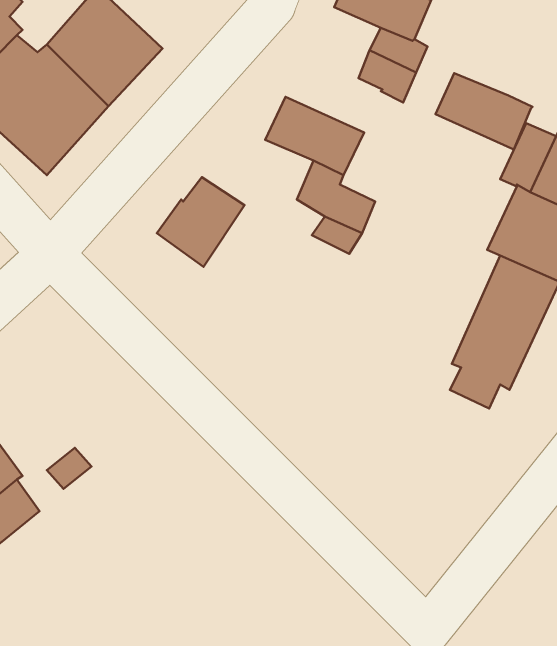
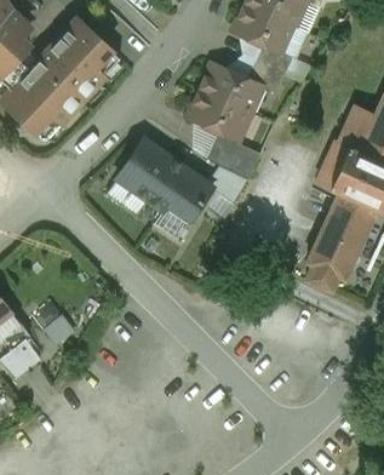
building: [436,73,533,150] -> [200,63,263,113]
building: none -> [147,160,213,219]

